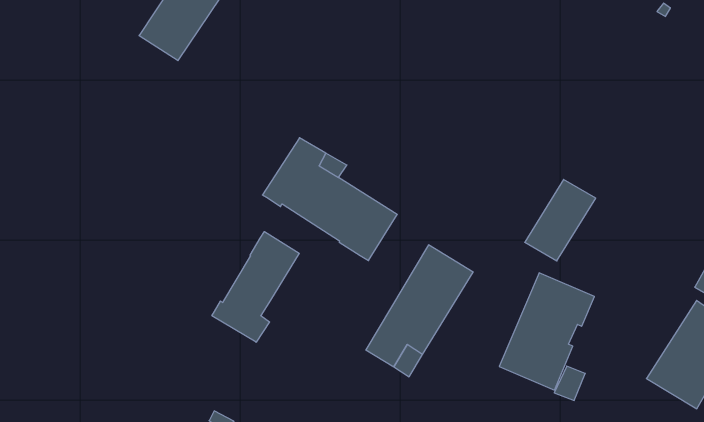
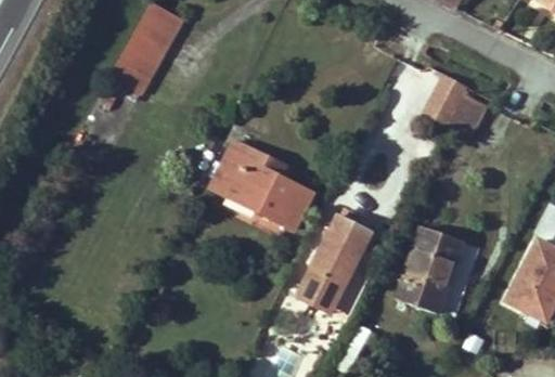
building: [525,179,596,261] -> [422,75,472,135]
building: [212,232,299,342] -> none

